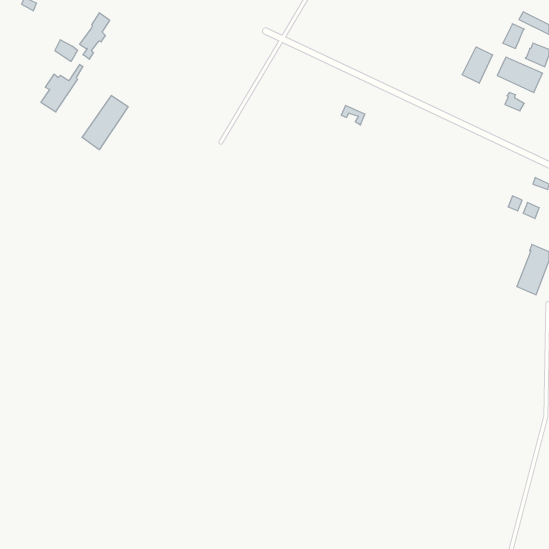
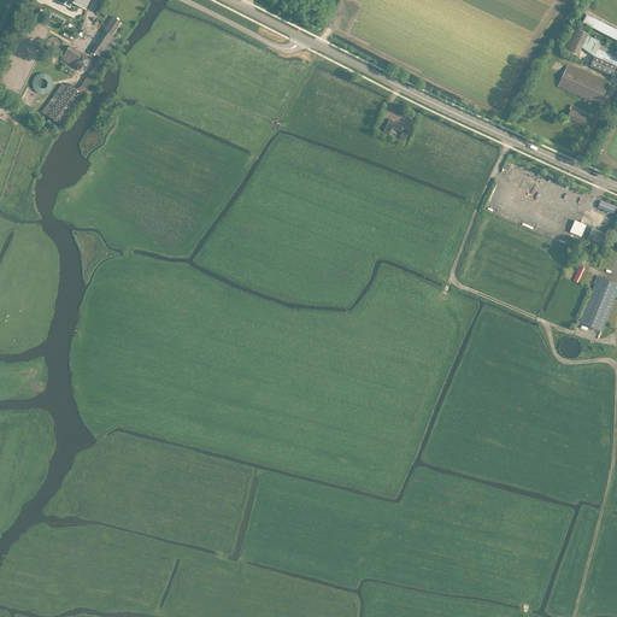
building: [462,47,493,83] -> none
building: [82,95,128,150] -> none

